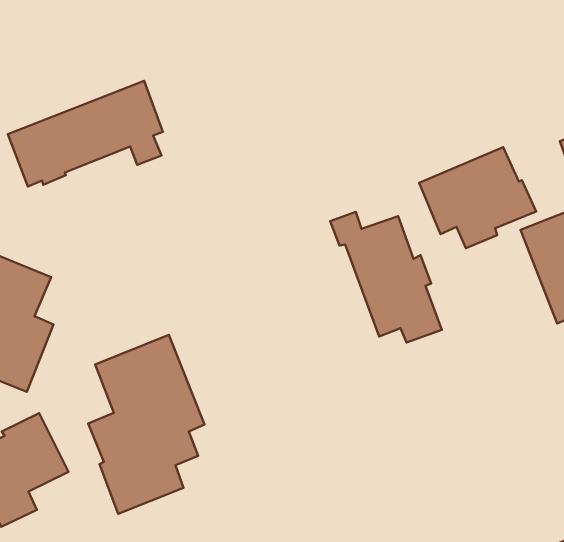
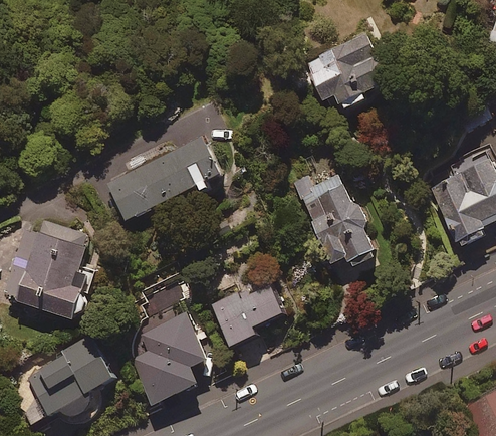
building: [8,81,163,186] -> [108,137,221,219]
building: [419,147,536,248] -> [306,33,393,108]
building: none -> [210,285,282,346]

